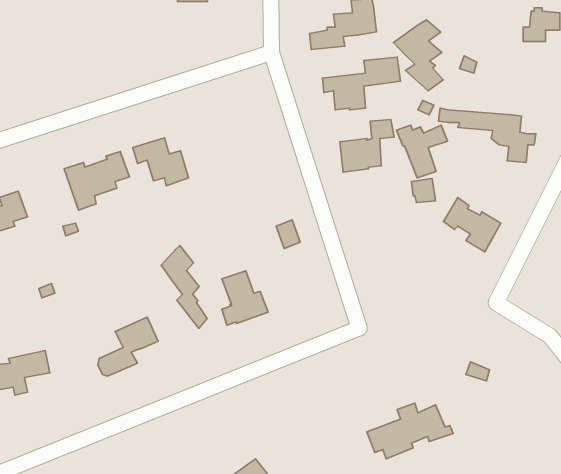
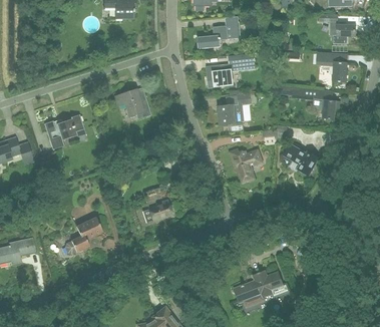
building: [394,20,443,91] -> none
building: none -> [316,52,347,82]
building: [396,125,447,178] -> [229,149,261,183]
building: [133,138,188,186] -> [115,89,150,119]
building: [161,246,207,328] -> none

